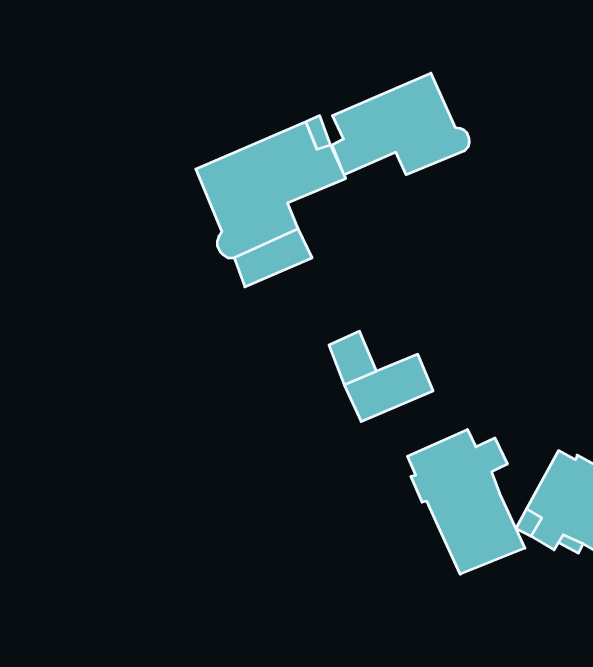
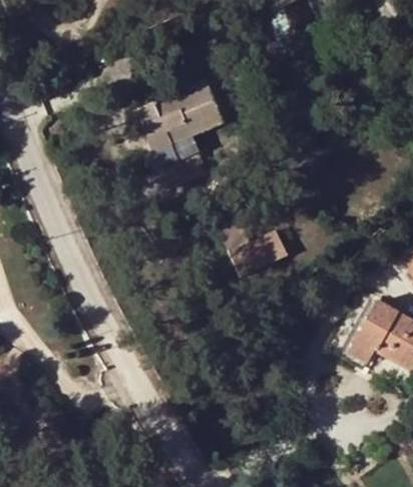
building: [332,73,469,175] -> none
building: [407,429,525,574] -> none

